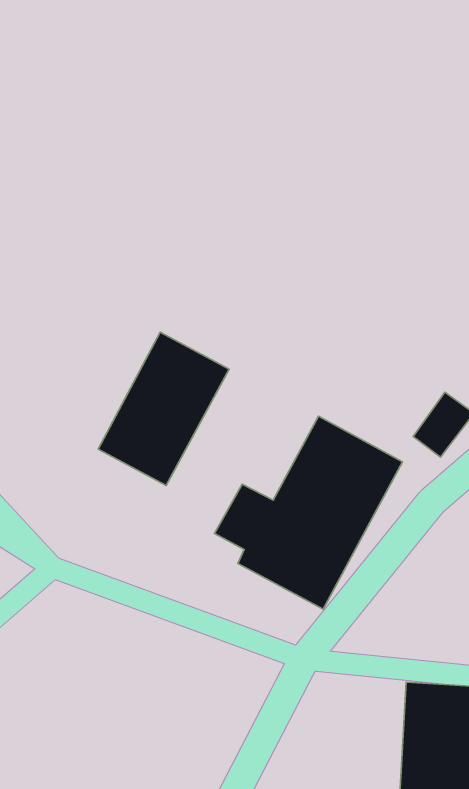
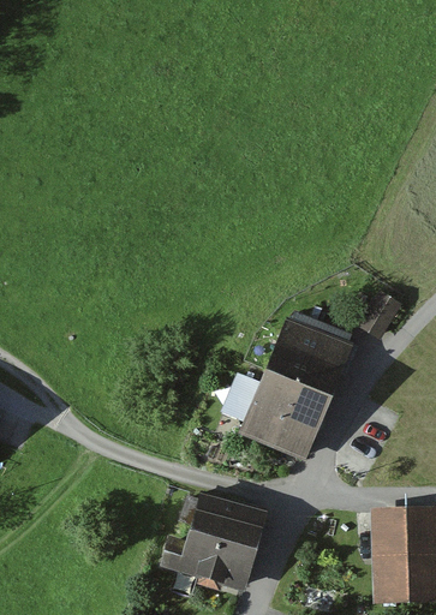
building: [98,332,229,486] -> none
building: none -> [160,489,267,589]

